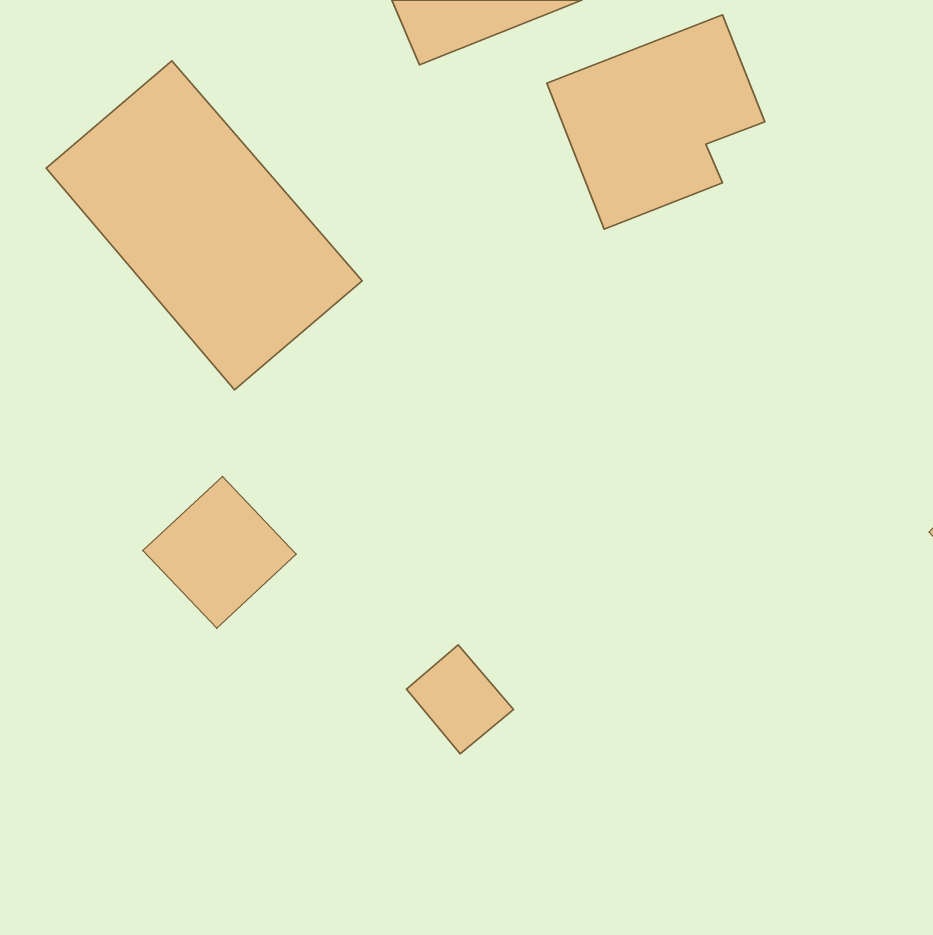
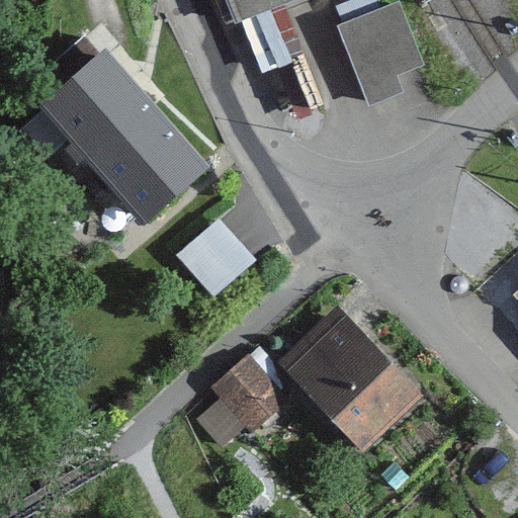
building: [143,477,296,628] -> [178,209,262,292]
building: none -> [280,307,427,456]

